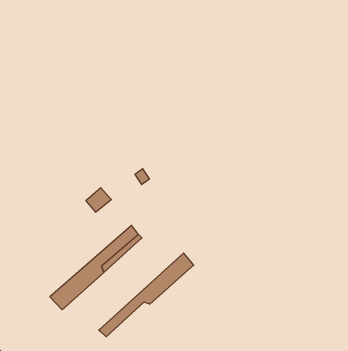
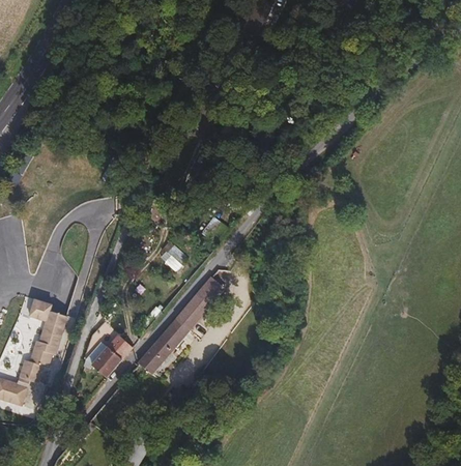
building: [99,253,194,337] -> none
building: none -> [91,333,133,376]

